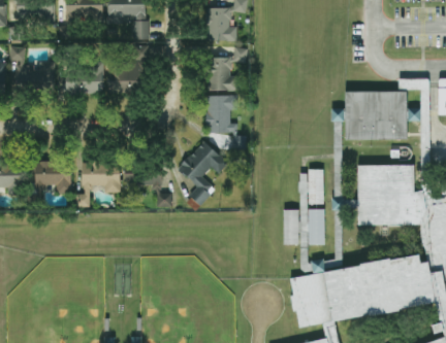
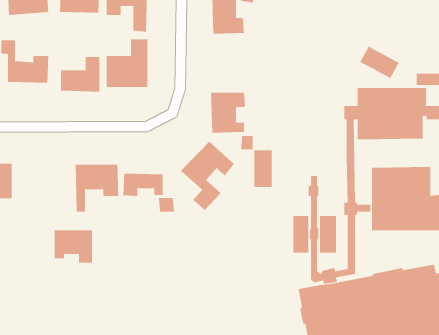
building: [209,47,248,90] -> none
building: none -> [360,46,399,79]
building: [35,162,71,193] -> [54,230,93,263]
building: [307,168,324,203] -> [254,150,272,188]

